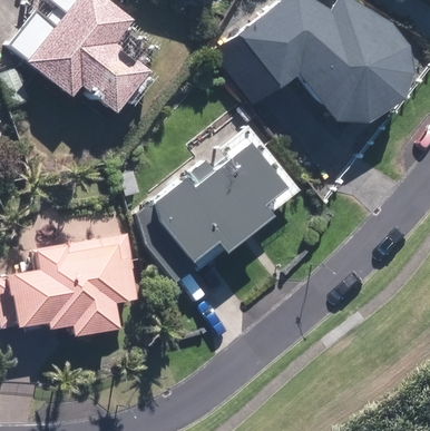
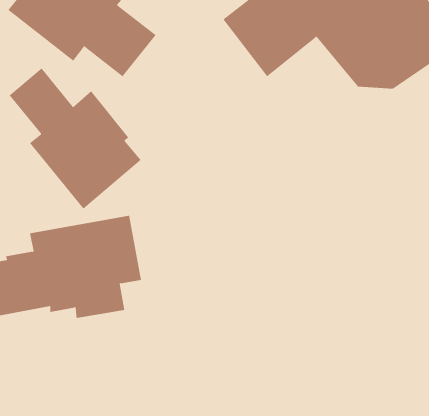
building: none -> [9,67,142,210]
building: [129,141,289,281] -> none

